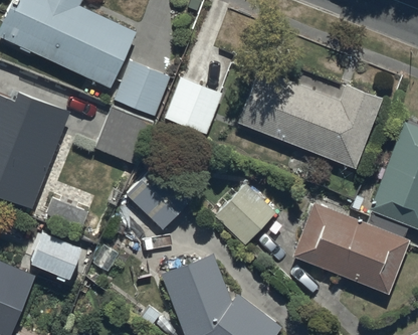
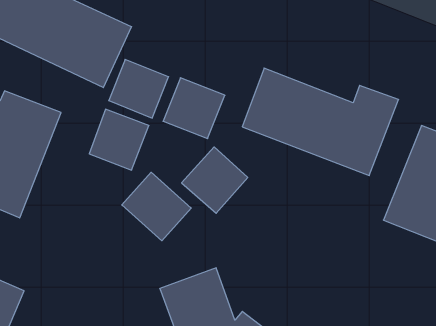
building: [214,184,275,245] -> [182,147,248,213]
building: [292,203,408,294] -> none
building: [30,231,80,278] -> none

